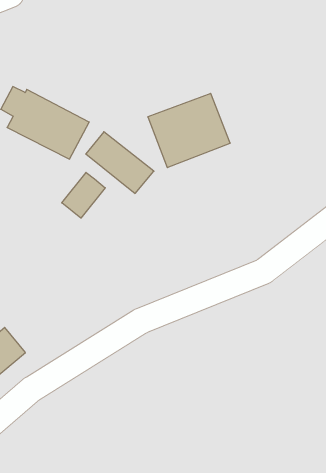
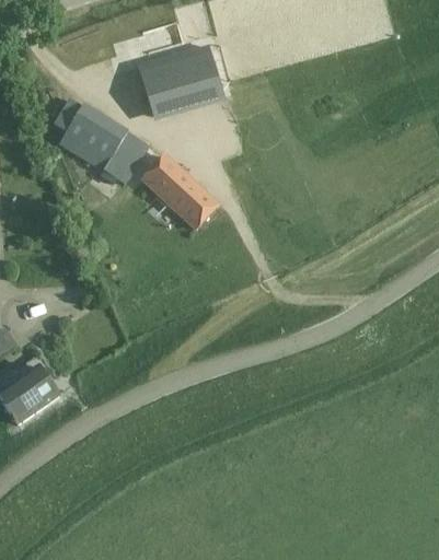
building: [148,93,230,168] -> [136,44,226,122]
building: [62,172,105,218] -> none

